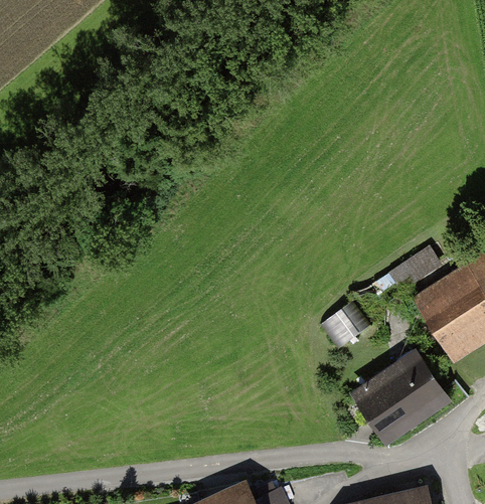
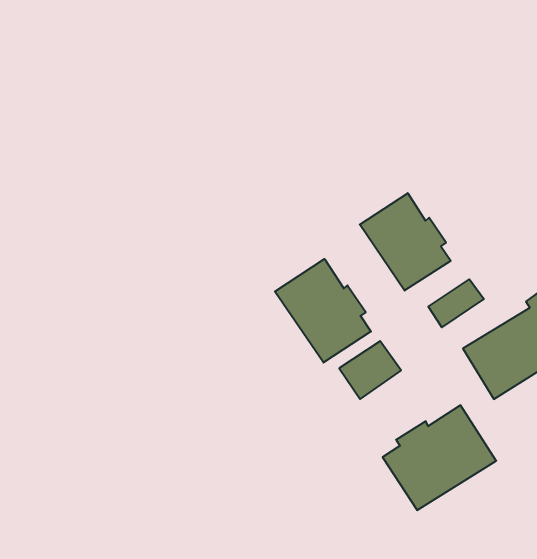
building: none -> [360,193,451,291]
building: none -> [275,259,371,363]

